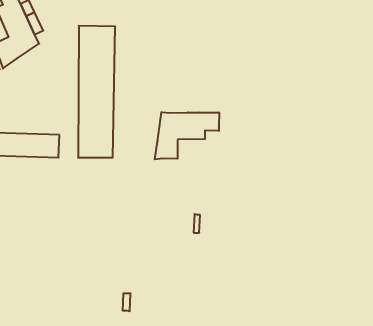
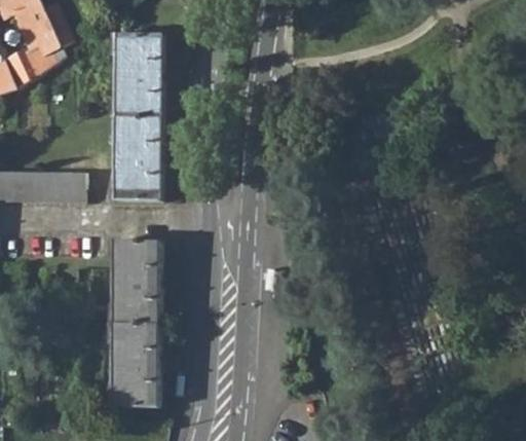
building: [155,112,219,159] -> none
building: none -> [113,240,159,407]

